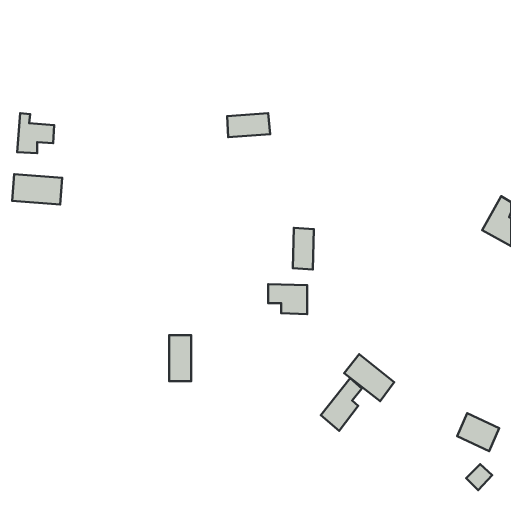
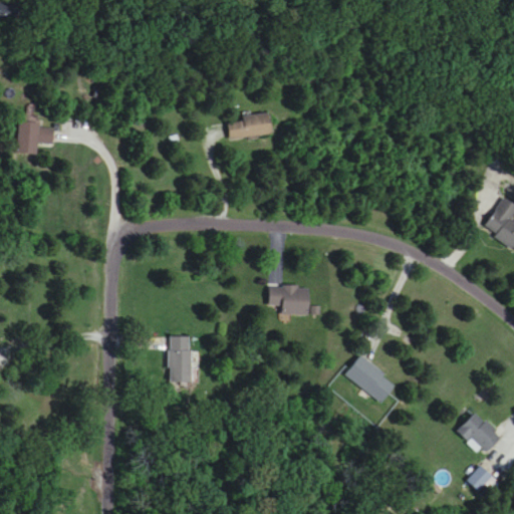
building: [12,174,62,205] -> none
building: [293,228,314,270] -> none
building: [321,378,362,431] -> none

